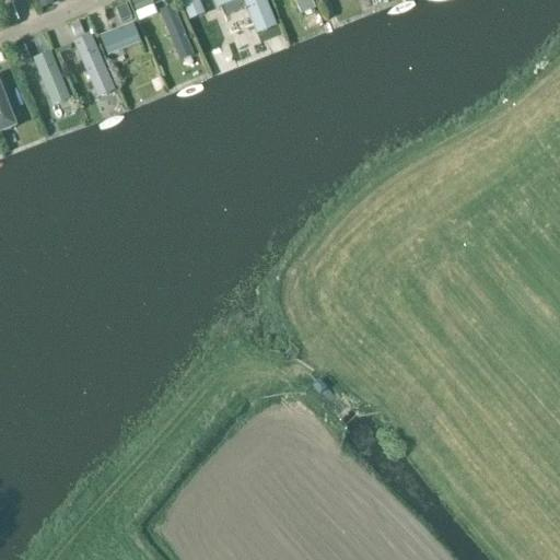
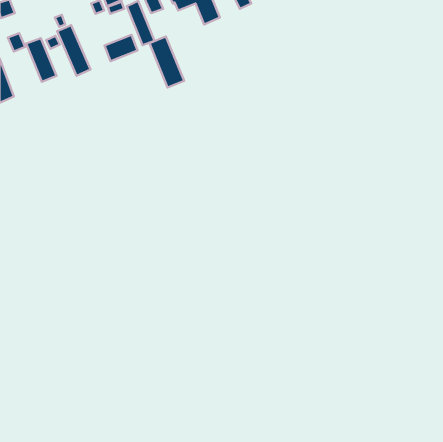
building: [100,19,141,51] -> [105,35,138,61]
building: none -> [149,37,184,87]

